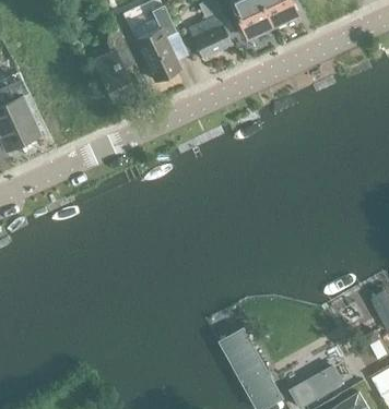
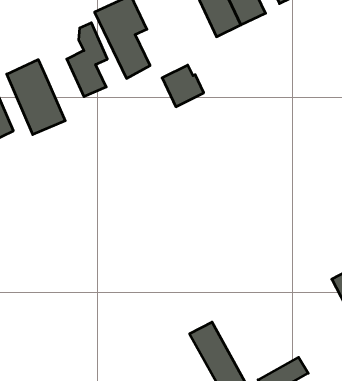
building: [188,14,231,57] -> [162,65,204,107]
building: none -> [7,60,65,135]

